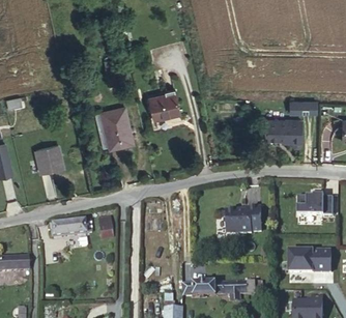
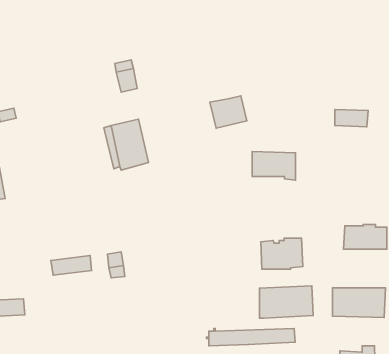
building: [148,91,179,118] -> [210,96,247,128]
building: [264,118,300,142] -> [252,152,296,180]
building: [34,144,62,172] -> none
building: none -> [259,286,313,318]

